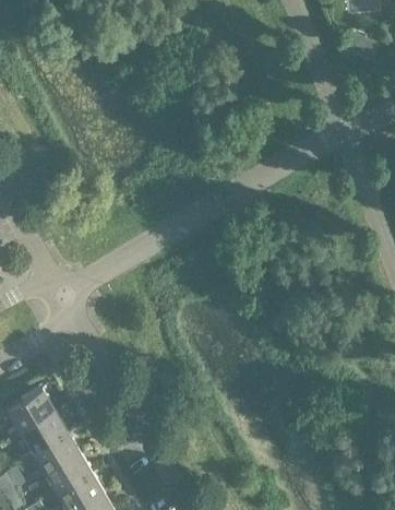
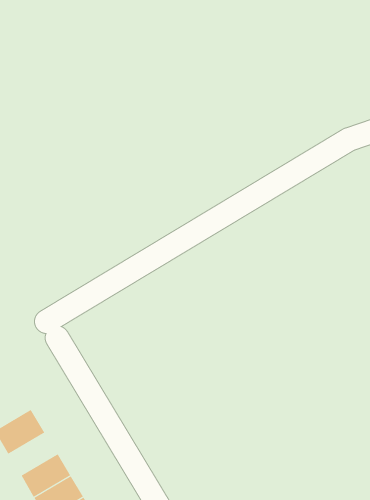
building: [20,411,67,451] -> none

